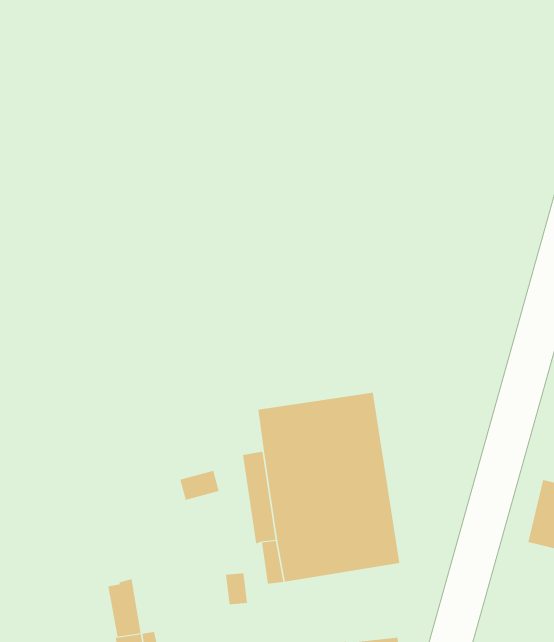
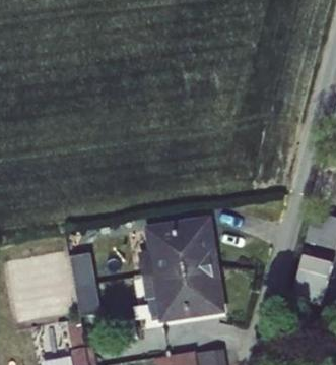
building: none -> [71,252,102,315]

